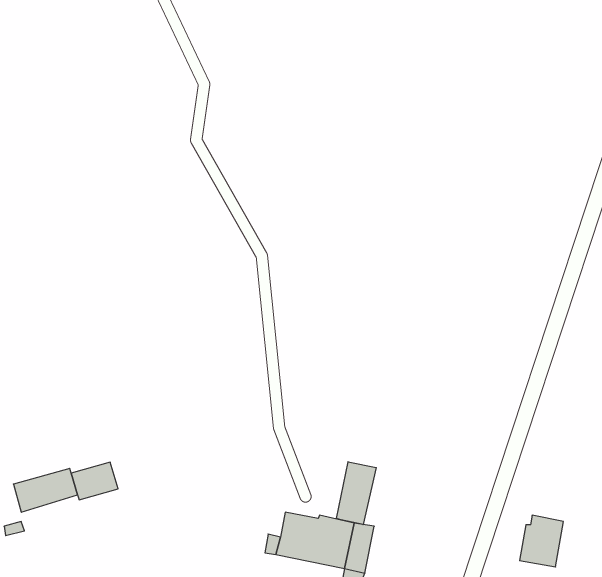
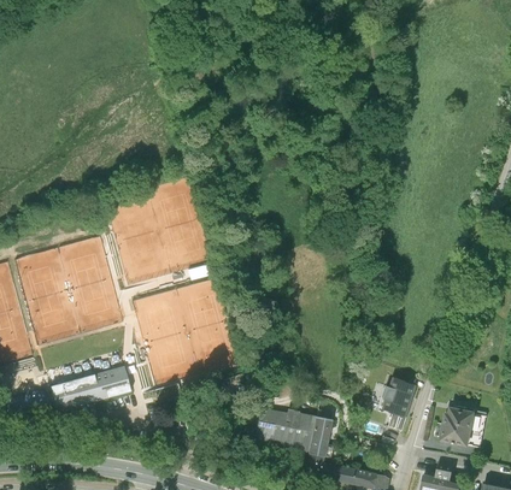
building: [336,462,376,525] -> none
building: none -> [384,377,417,413]

